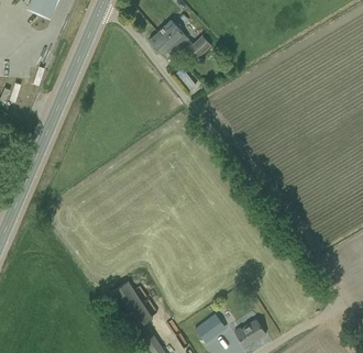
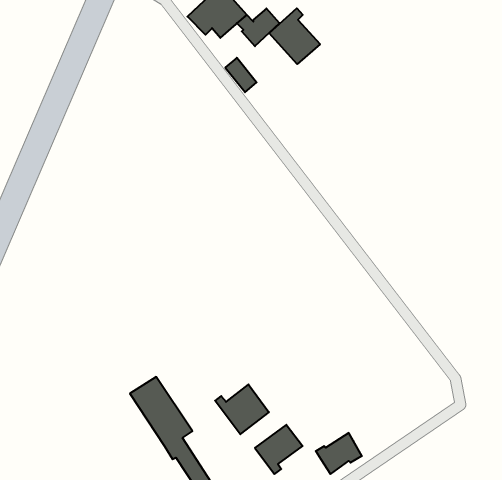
building: none -> [269,8,320,64]
building: none -> [215,384,269,434]

